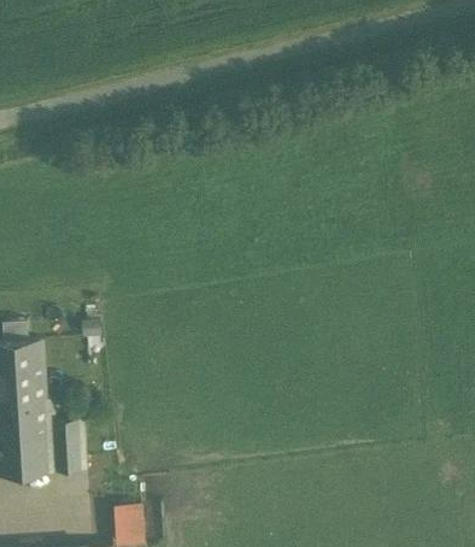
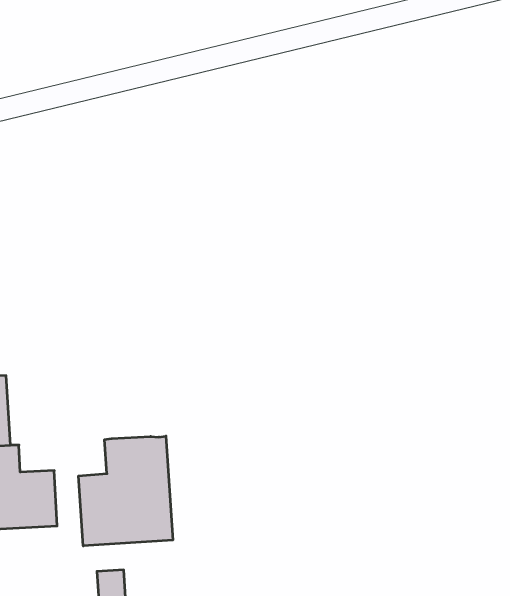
building: none -> [79,436,173,546]

